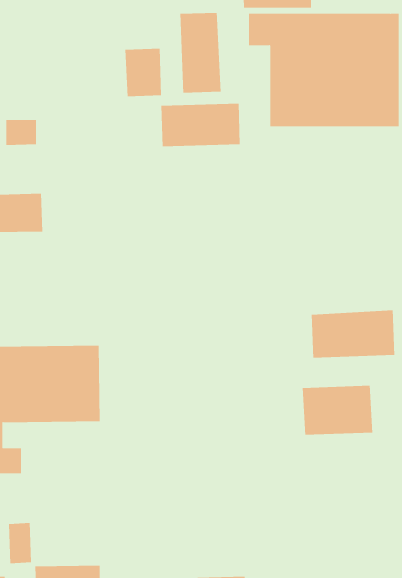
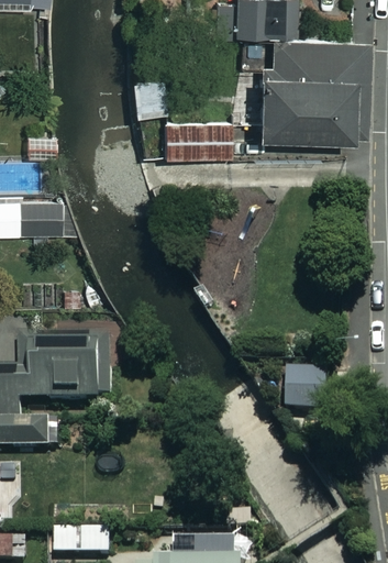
building: [180,12,221,93] -> none
building: [311,310,395,359] -> none

